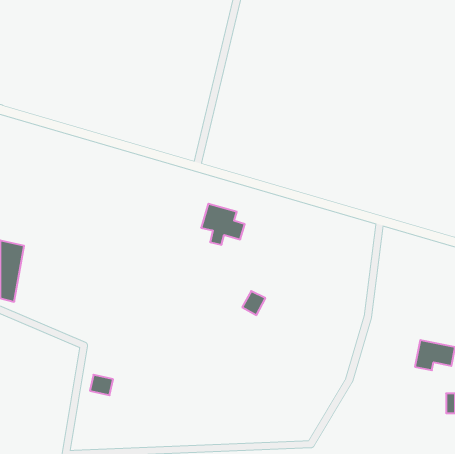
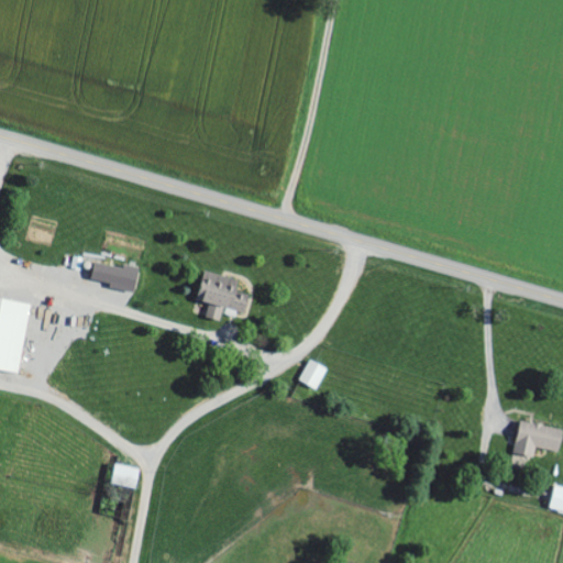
building: [201,204,245,245] -> [195,269,249,320]
building: none -> [89,261,139,290]

